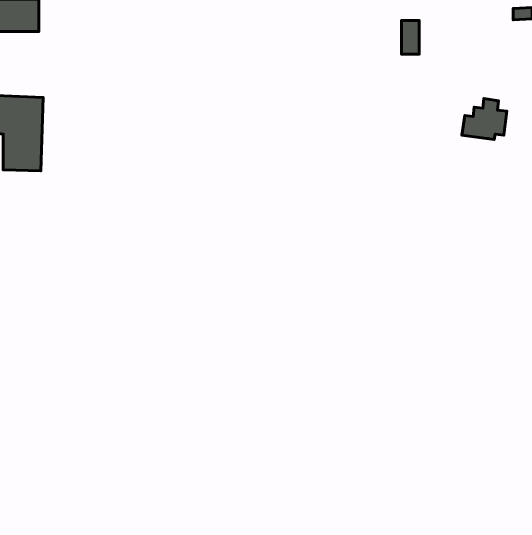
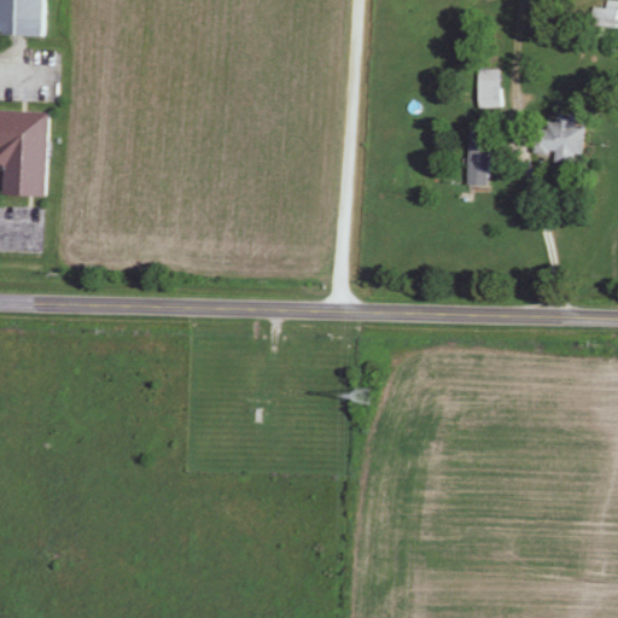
building: [401,21,419,54] -> [477,70,497,109]
building: none -> [467,133,488,179]

